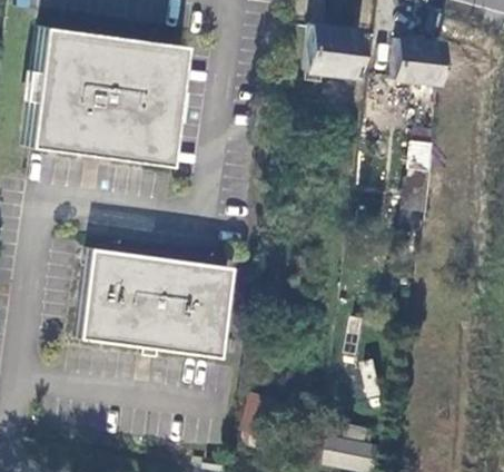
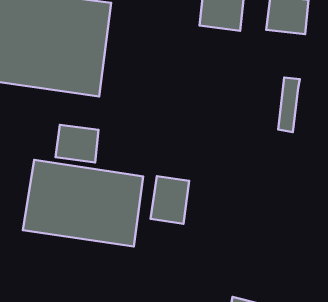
building: none -> [56,125,99,162]
building: none -> [151,176,189,224]

